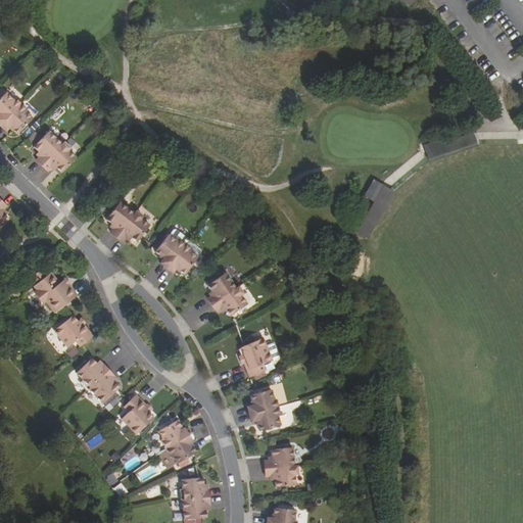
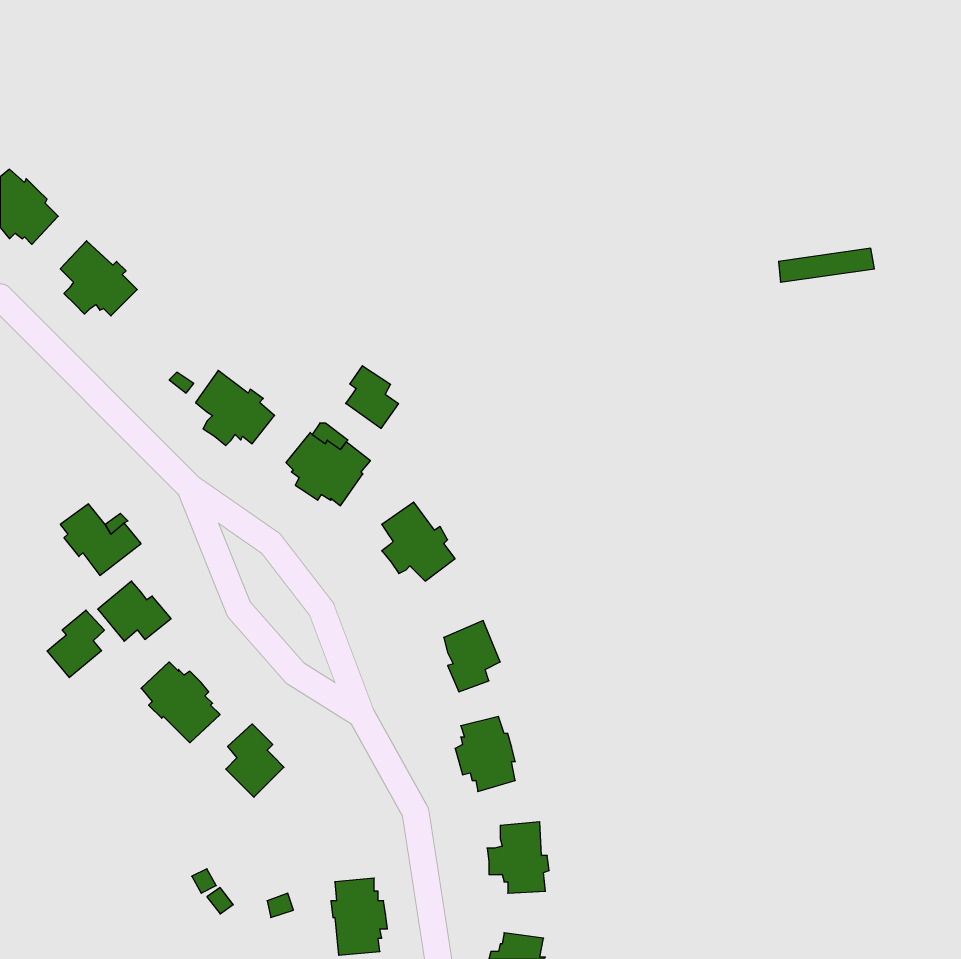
building: [356,179,392,238] -> none
building: none -> [346,366,398,428]
building: none -> [47,610,104,678]
building: [157,420,196,462] -> none

